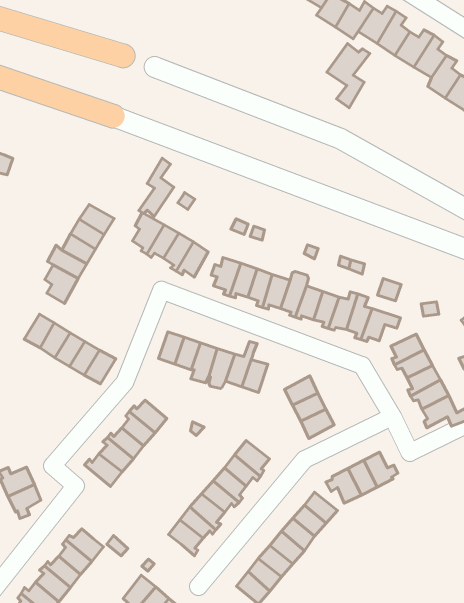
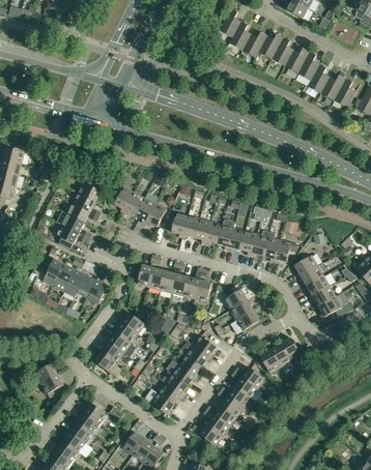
building: [327,43,370,108] -> none
building: [139,158,174,216] -> none

